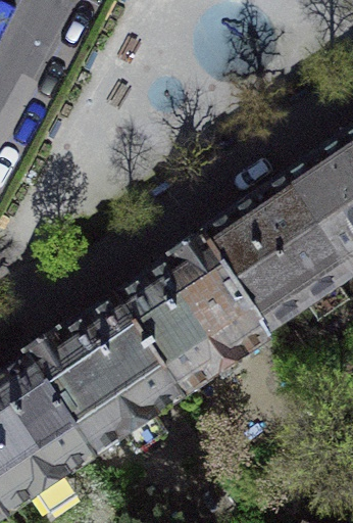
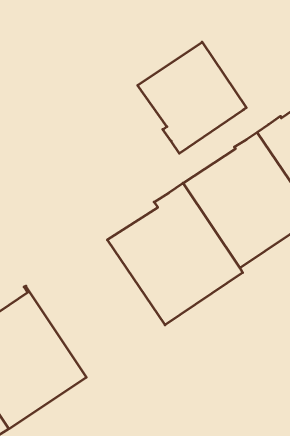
building: none -> [138,42,246,153]
building: [41,290,198,445] -> none

